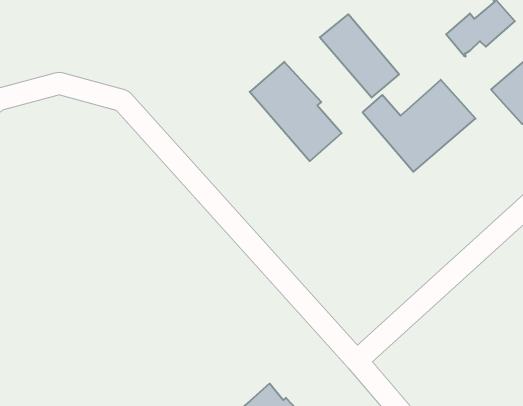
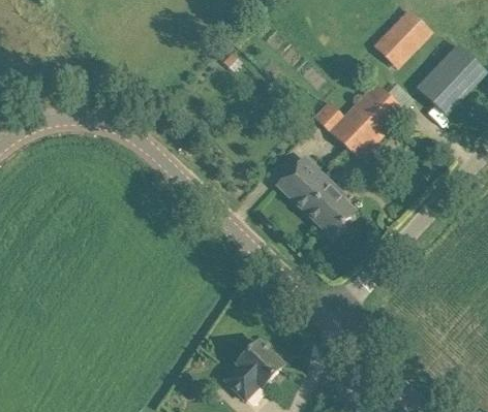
building: [320,14,399,98] -> none
building: [250,62,342,161] -> [278,157,356,235]

